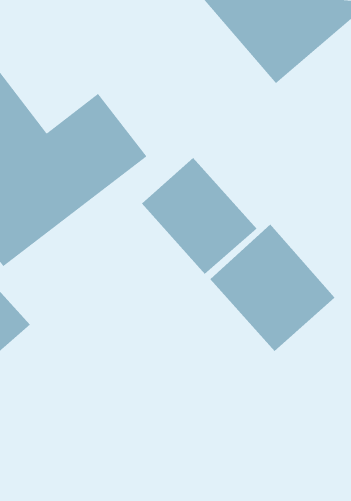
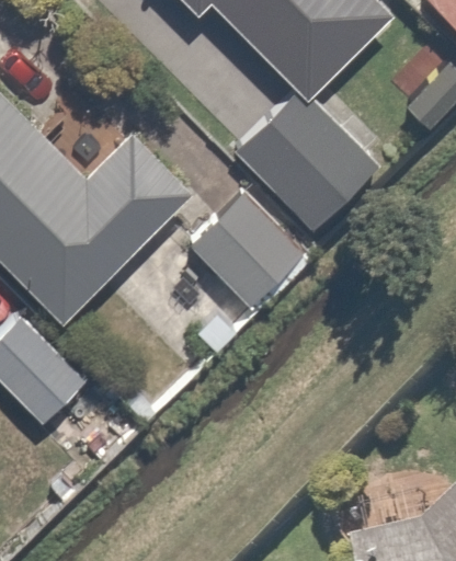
building: none -> [226,93,376,242]
building: [209,223,336,352] -> none

